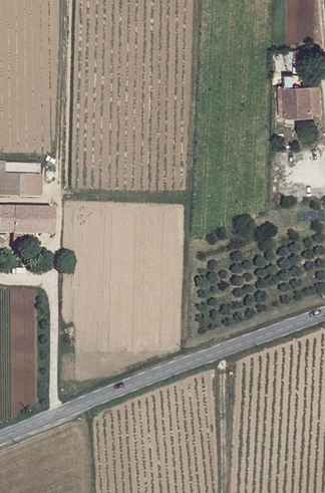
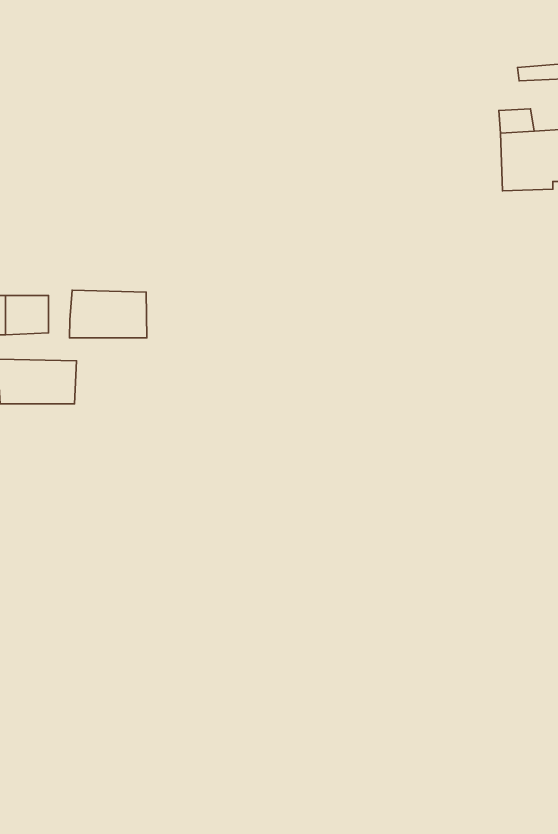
building: none -> [69,290,147,338]

